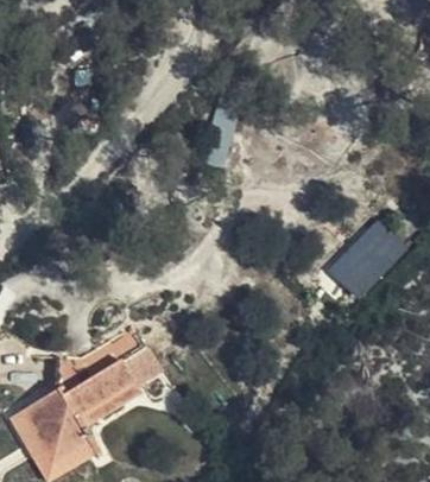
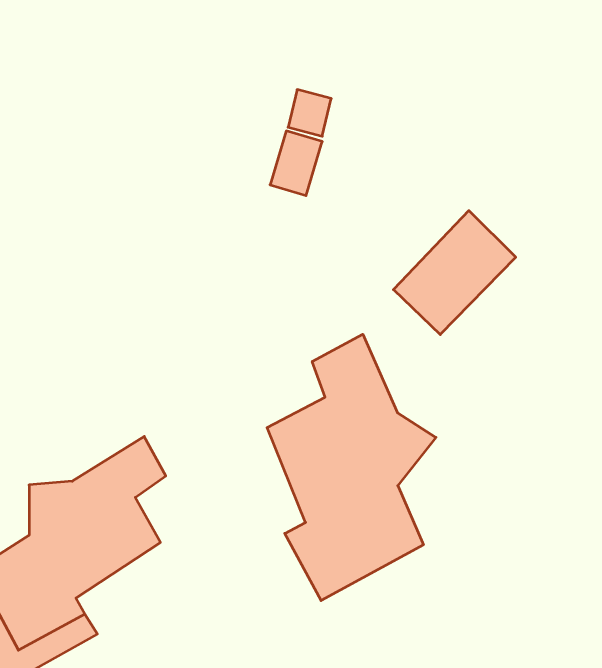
building: [336,217,417,299] -> [393,211,516,335]
building: none -> [267,334,436,601]

